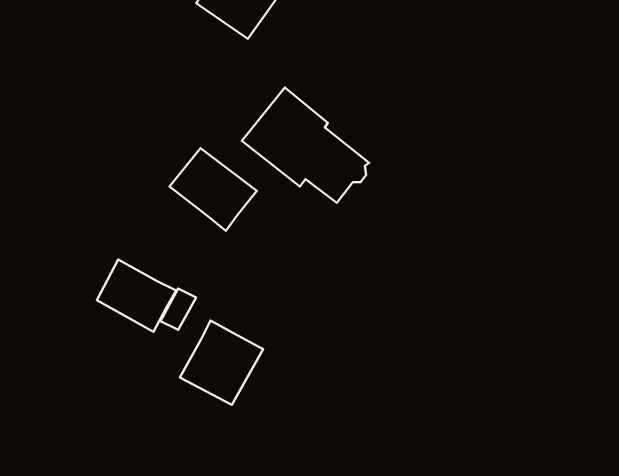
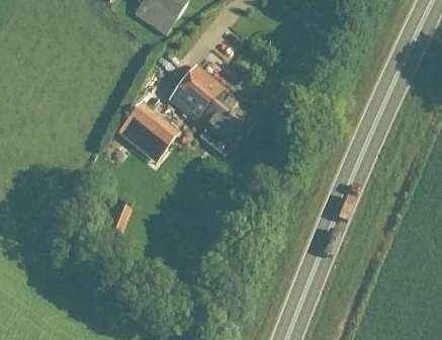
building: [97,260,176,332] -> none
building: [180,320,263,405] -> none

